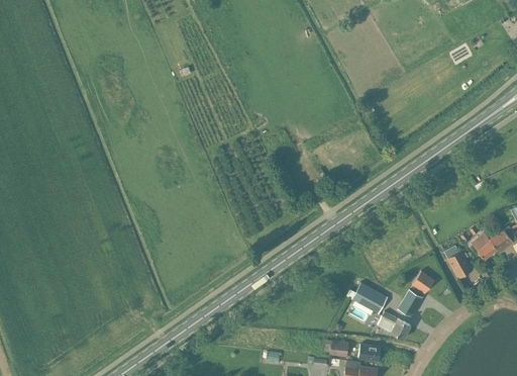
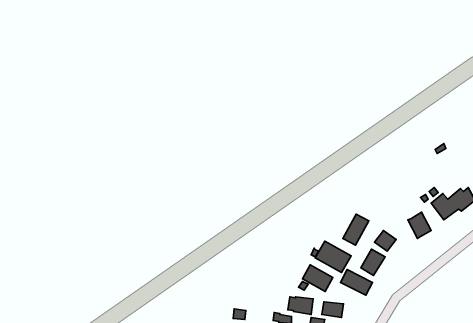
building: none -> [343,214,369,245]
building: none -> [303,265,333,292]

